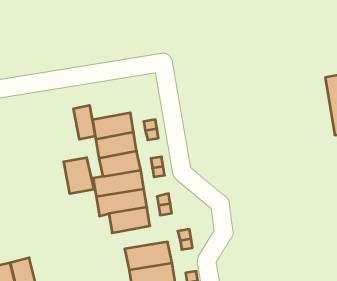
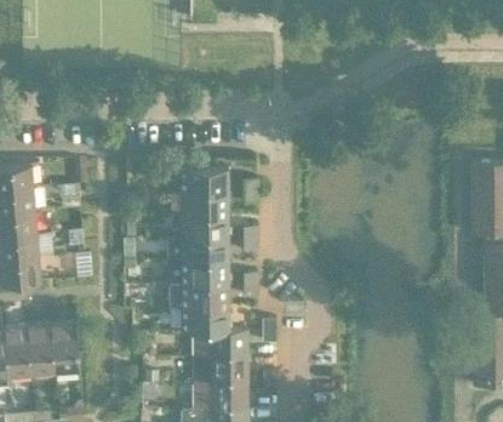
building: [74,105,95,139] -> none
building: [64,158,94,194] -> none
building: none -> [183,307,230,331]

